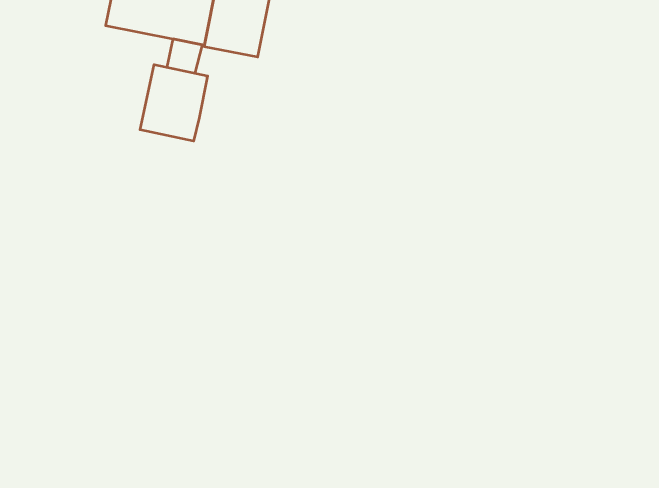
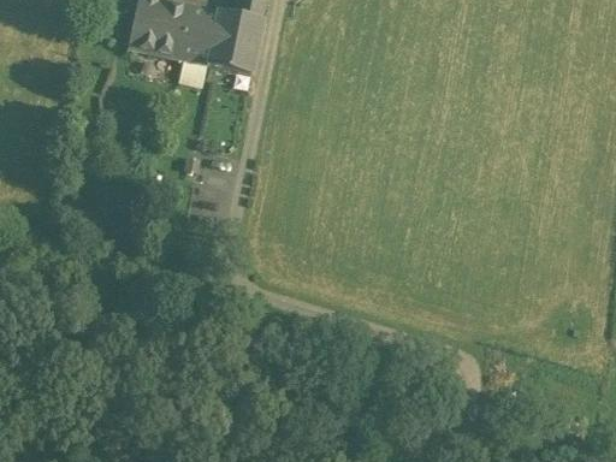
building: [140,65,208,141] -> none

